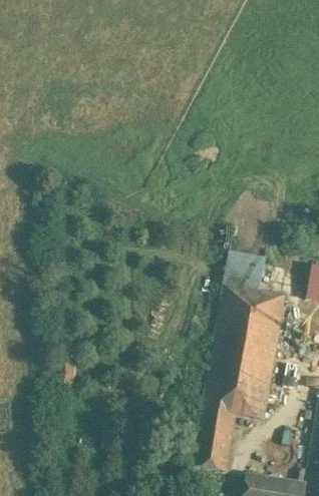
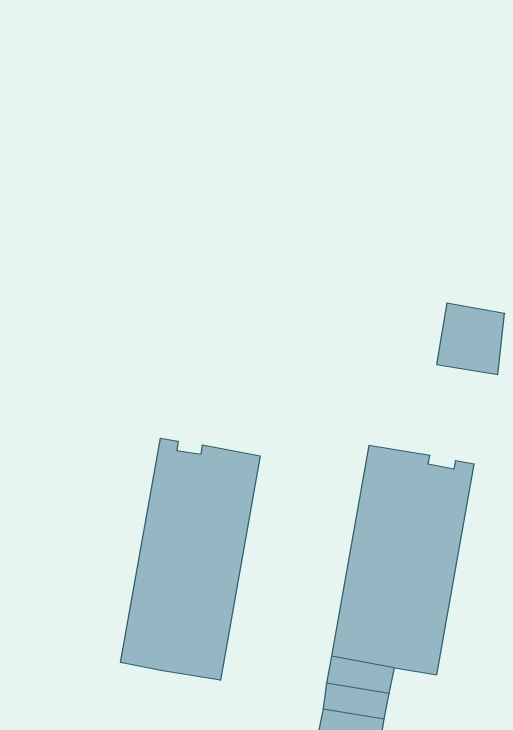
building: [225,251,265,293] -> [437,303,505,375]
building: none -> [121,438,260,680]

